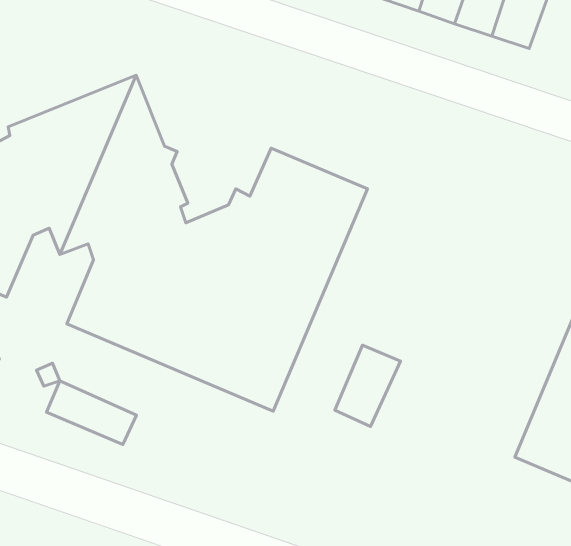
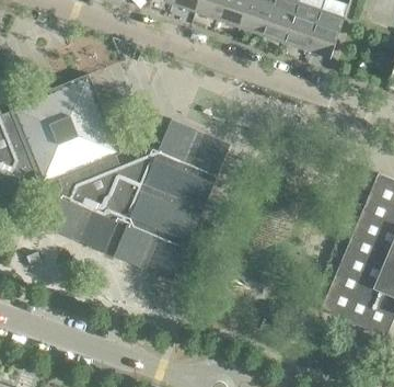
building: [335,345,401,426] -> none
building: [47,381,136,445] -> none

